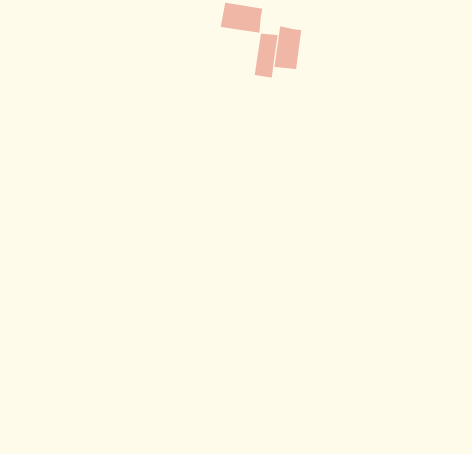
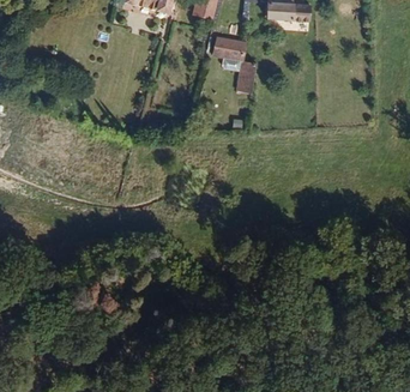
building: [274,26,302,70] -> none

